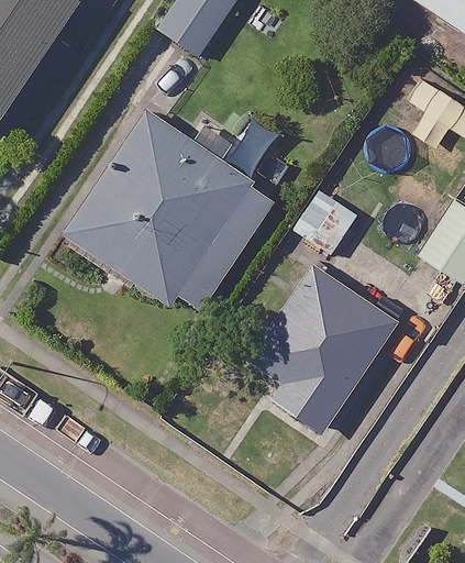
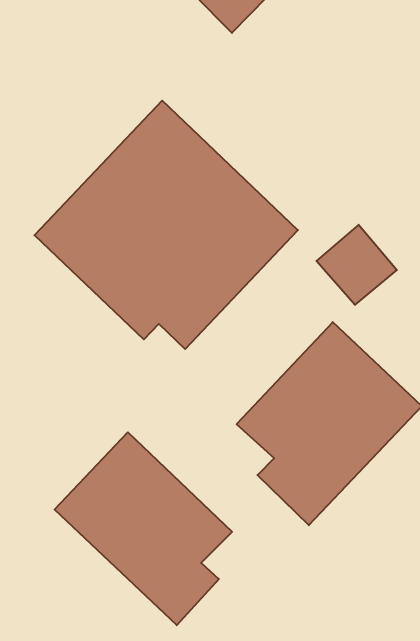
building: none -> [55,432,232,625]

